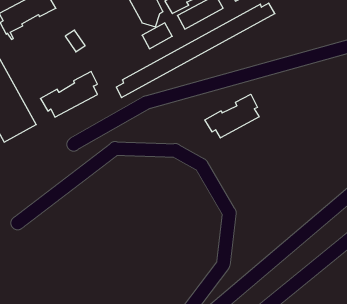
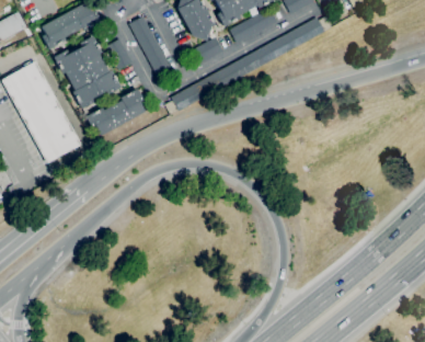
building: none -> [130,16,175,80]
building: none -> [54,35,122,109]
building: [205,94,259,138] -> none

